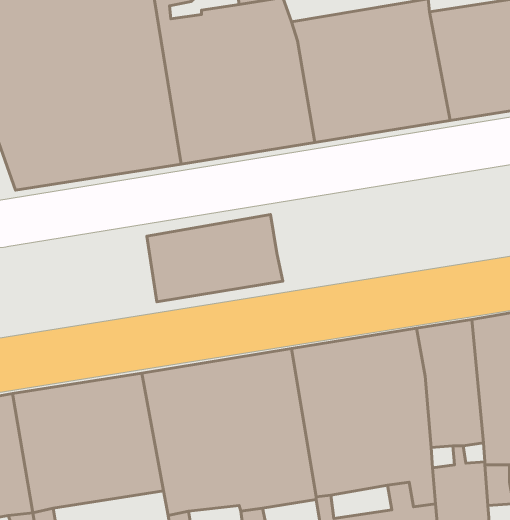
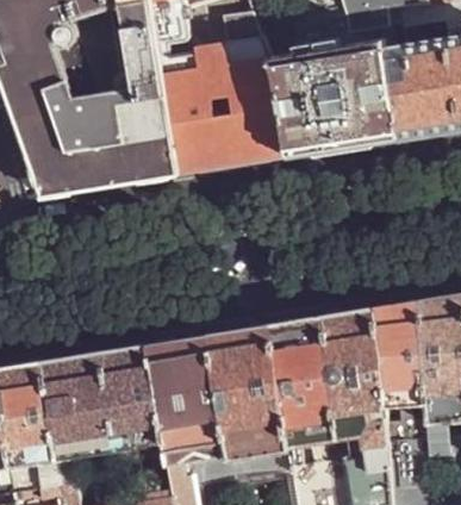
building: [147,214,283,302] -> none

